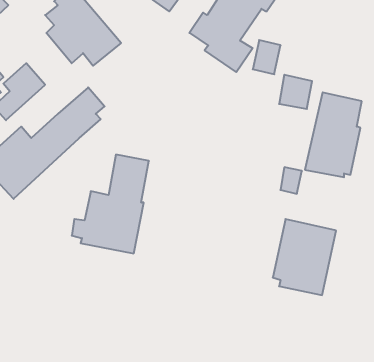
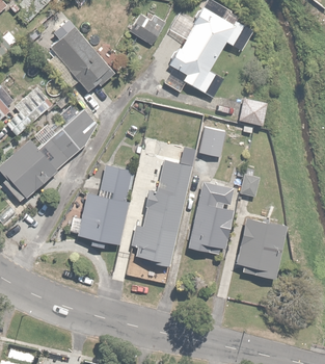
building: [253,40,281,74] -> [200,129,223,157]
building: [305,92,362,177] -> [188,183,235,253]
building: none -> [132,160,193,265]

